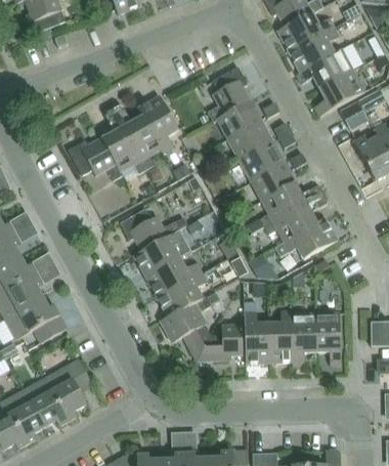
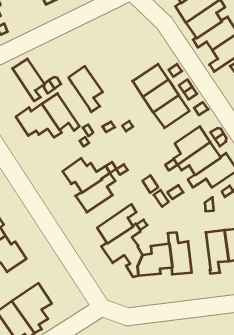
building: [207,66,250,121] -> none
building: [122,115,160,168] -> [12,59,44,101]
building: [251,161,295,200] -> none
building: [145,257,202,296] -> none
building: [268,309,293,362] -> none

